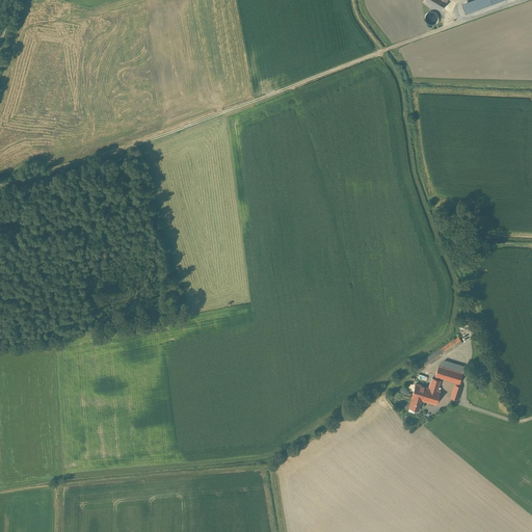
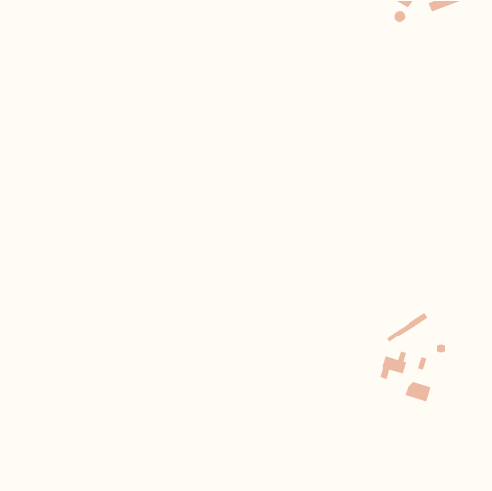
building: [435,361,464,383] -> [405,381,432,402]

